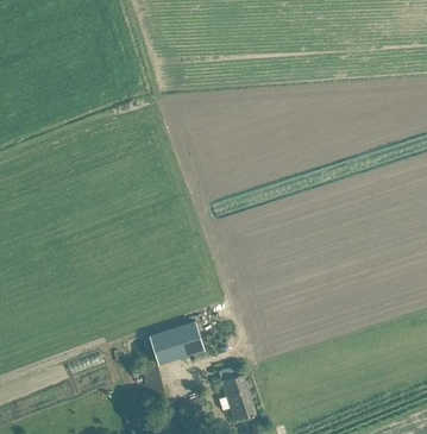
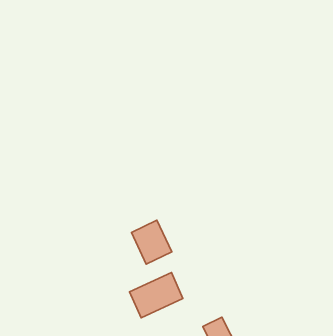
building: none -> [131,220,172,264]

